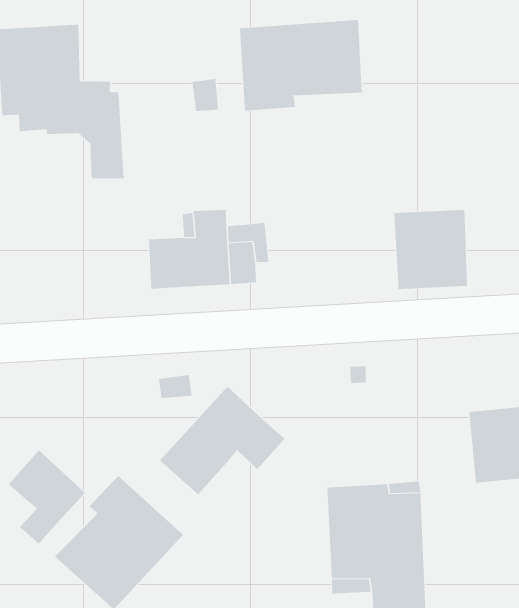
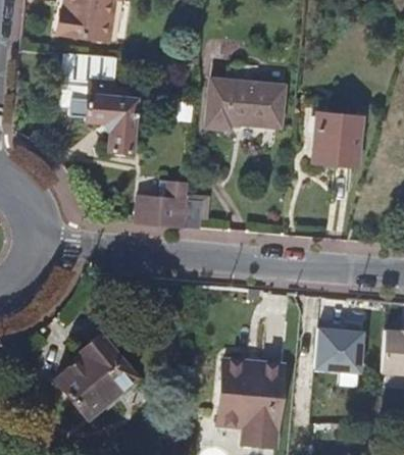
building: [394,209,468,289] -> [311,117,359,168]
building: [159,386,285,495] -> none
building: [8,450,86,544] -> none

